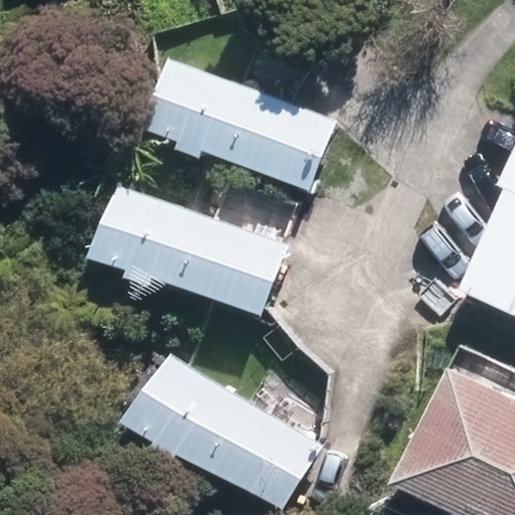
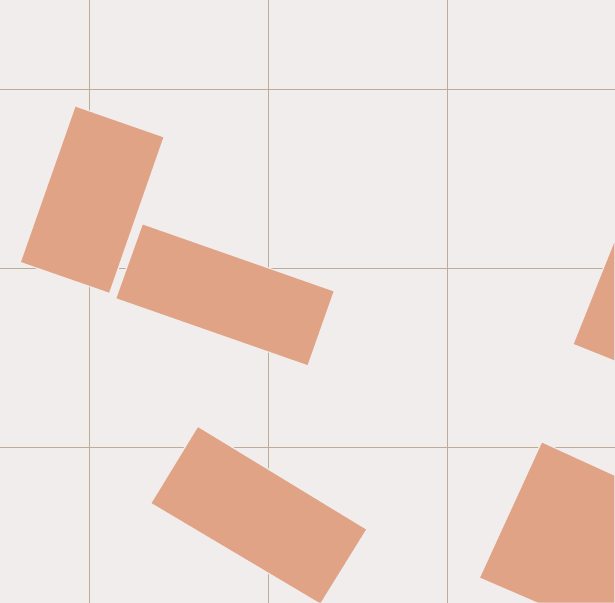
building: [147,63,331,182] -> none
building: none -> [20,106,164,293]

